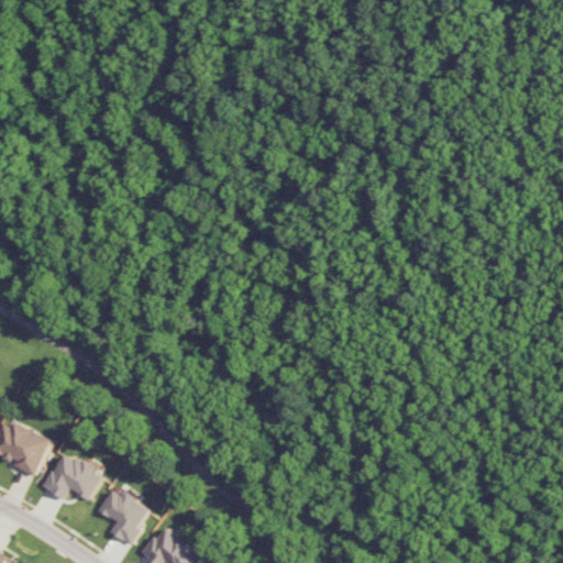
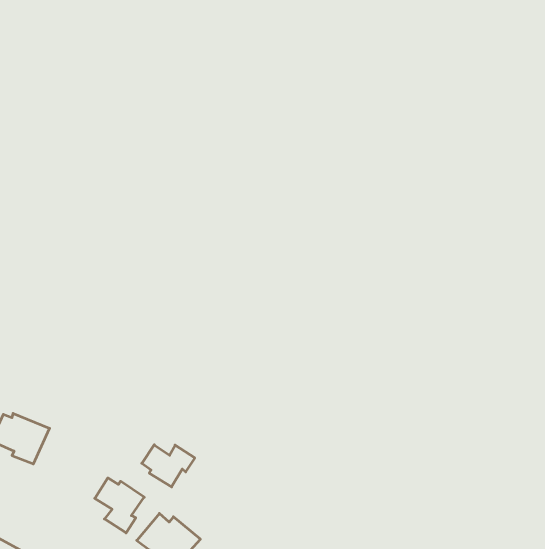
building: [42,451,100,499] -> none
building: none -> [142,445,195,487]

